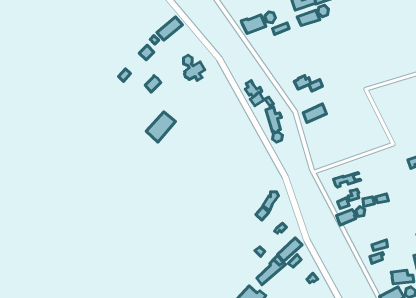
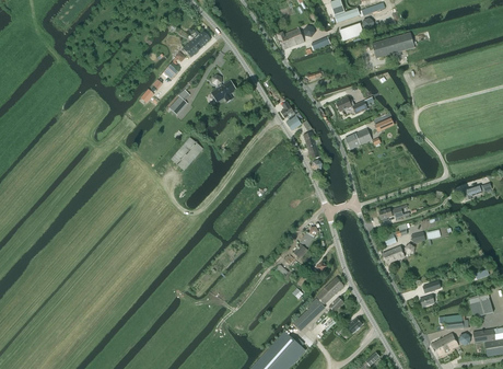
building: none -> [371,33,413,58]

